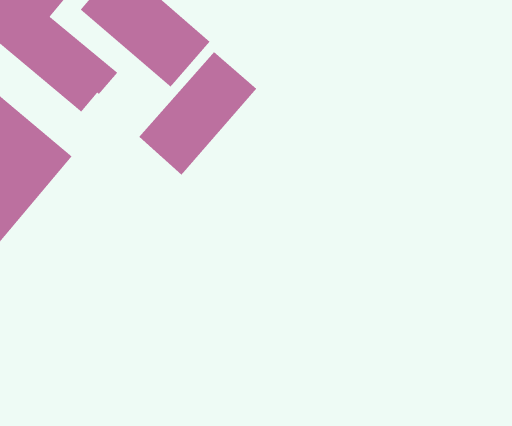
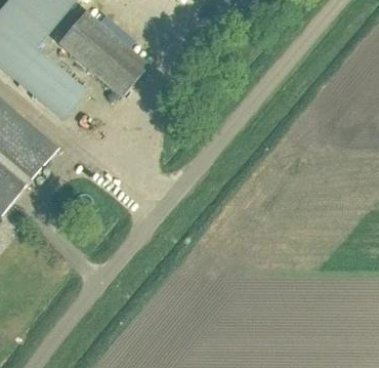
building: [138,51,257,175] -> none

